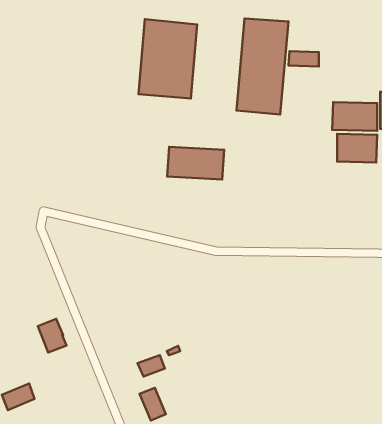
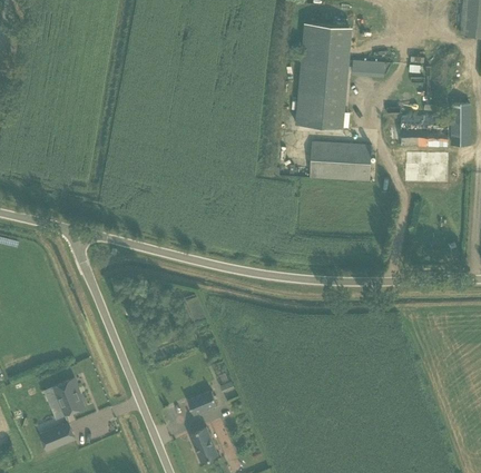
building: [138,19,197,98] -> none
building: [167,147,224,180] -> [310,145,372,180]
building: [38,319,66,353] -> [53,378,85,415]

